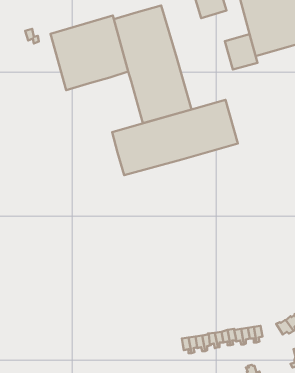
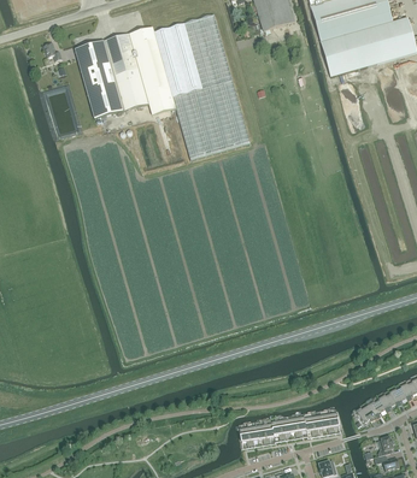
building: [225,34,258,70] -> none
building: [112,100,238,175] -> none

